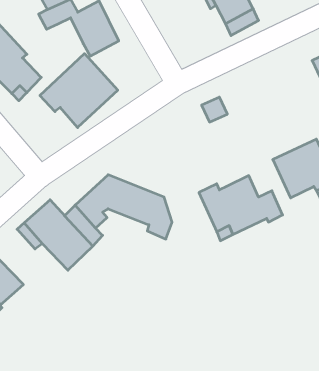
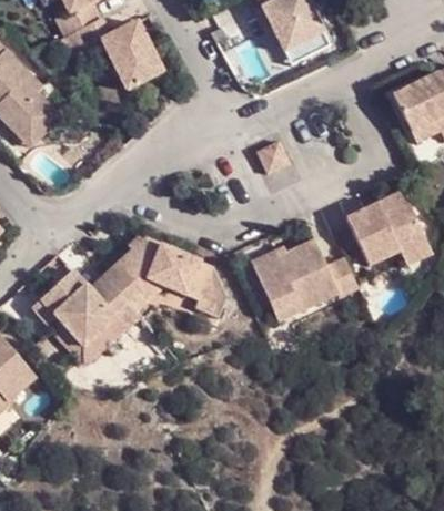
building: [40,54,118,128] -> none

